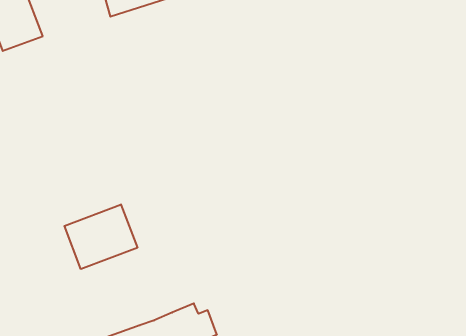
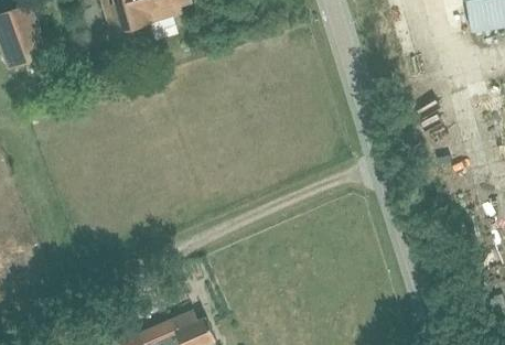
building: [64,204,137,269] -> none

